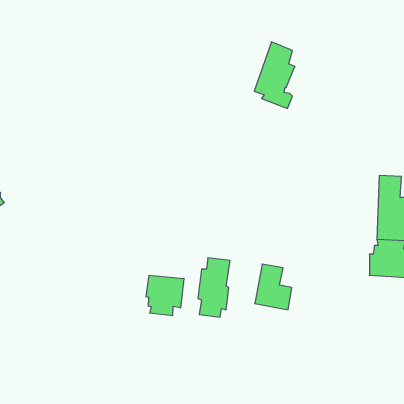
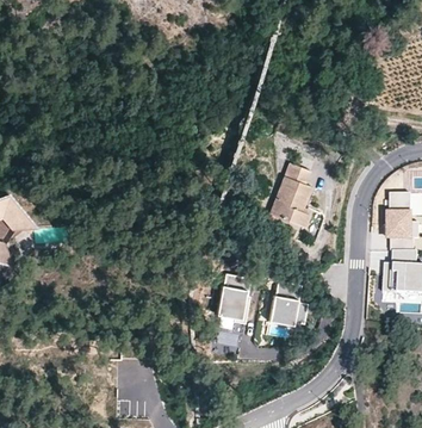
building: [254,42,295,108] -> [272,162,311,227]
building: [146,275,184,316] -> none

